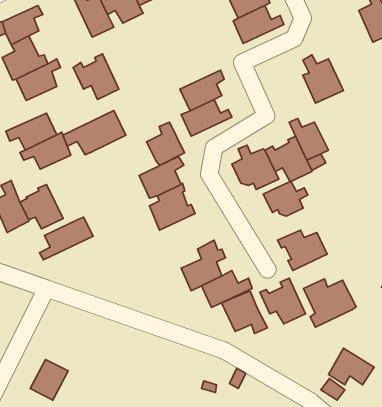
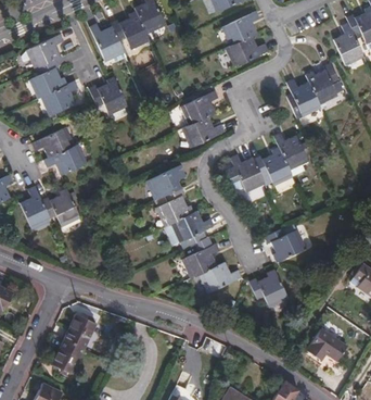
building: none -> [305,63,344,105]
building: [63,111,126,155] -> none
building: [147,122,184,166] -> none
building: [263,182,308,216] -> none
building: none -> [172,211,214,246]
building: [40,217,93,260] -> none
building: [304,279,356,327] -> none
building: [221,291,267,333] -> none
building: none -> [65,314,97,348]

